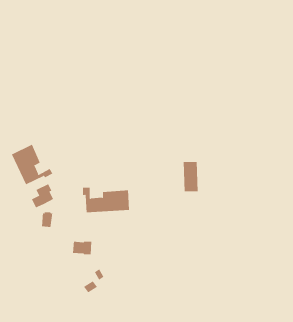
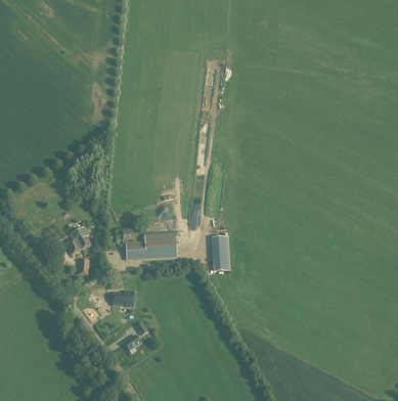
building: [11,144,53,185] -> none
building: [183,162,198,192] -> [211,236,228,270]

